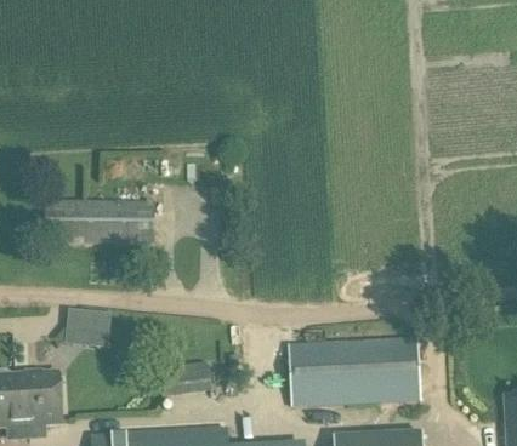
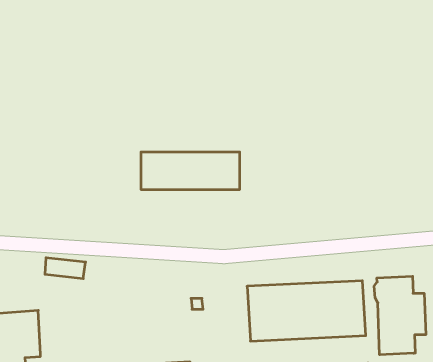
building: [45,199,154,240] -> [141,152,240,189]
building: none -> [374,276,426,355]

